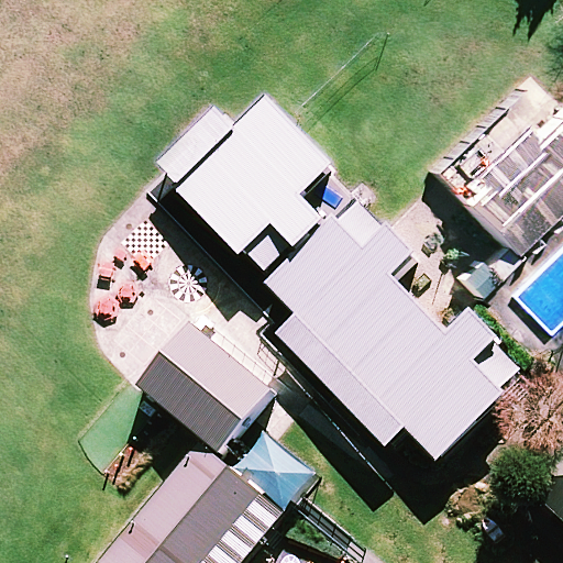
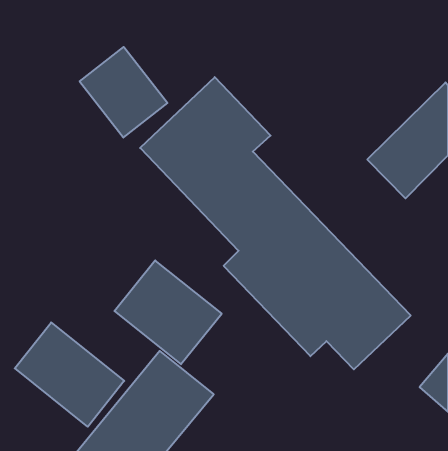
building: none -> [80,47,167,138]
building: none -> [15,322,124,427]

